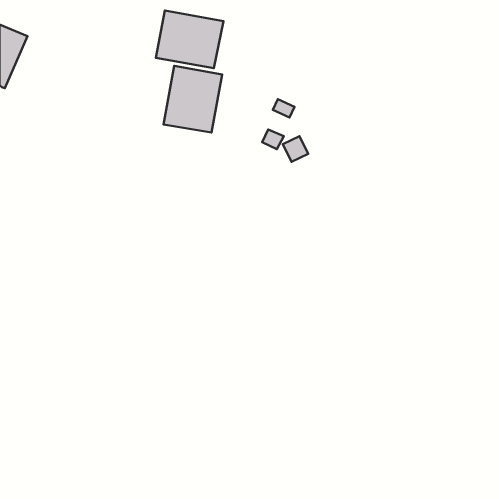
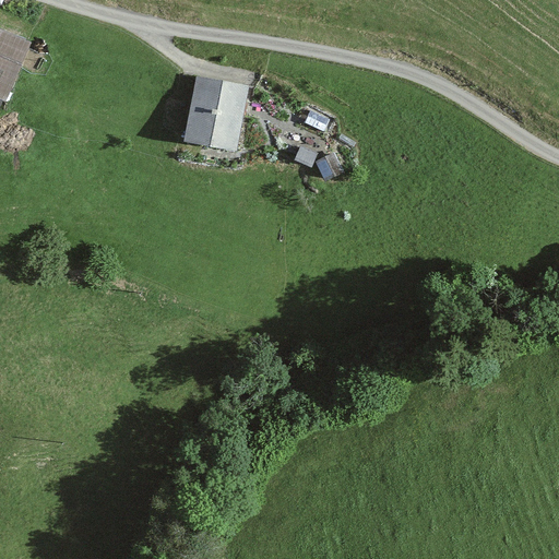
building: [156,10,223,68] -> none

